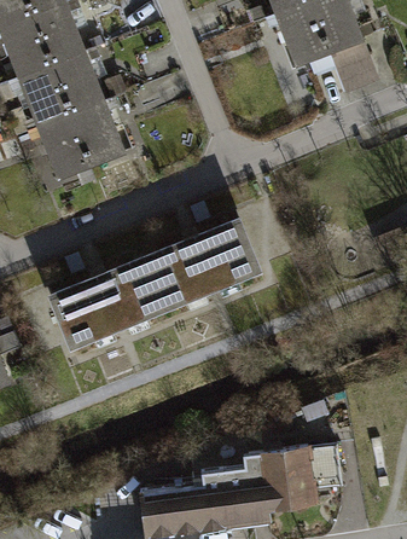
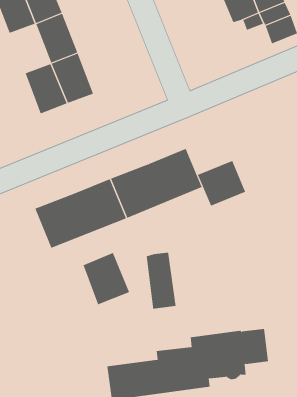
building: [19,68,71,129] -> none
building: none -> [197,160,246,206]
building: none -> [146,252,176,310]
building: none -> [83,252,130,305]

